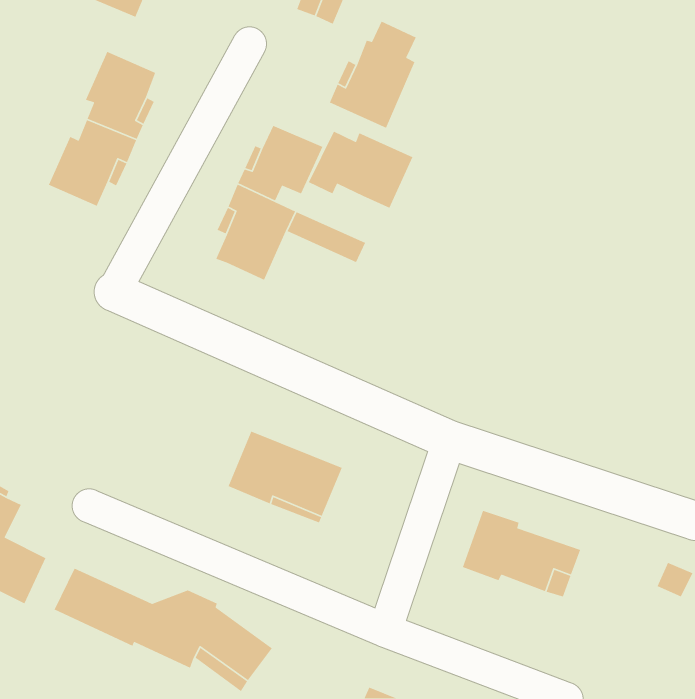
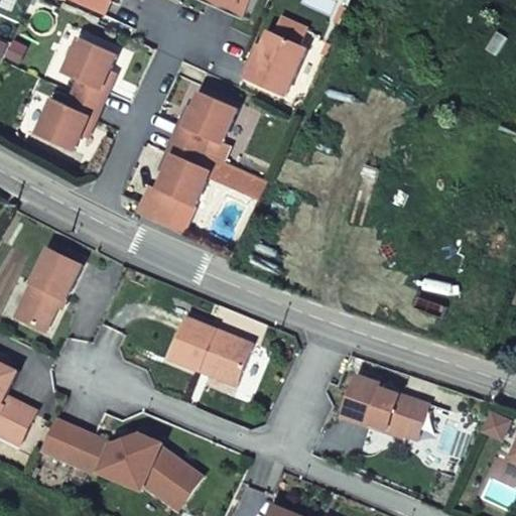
building: [308,130,413,209] -> none
building: none -> [154,194,195,232]
building: none -> [13,248,81,331]

